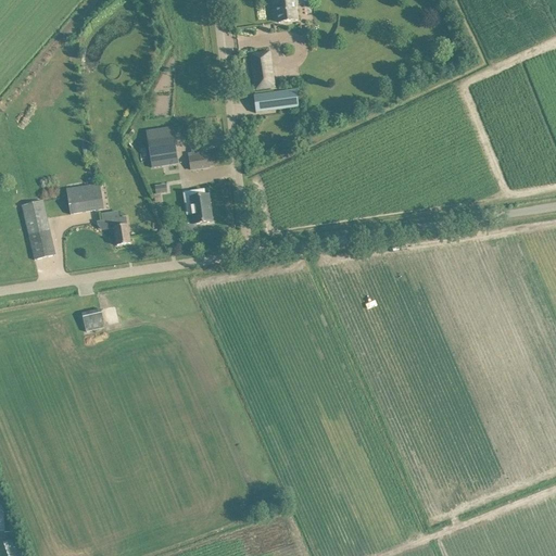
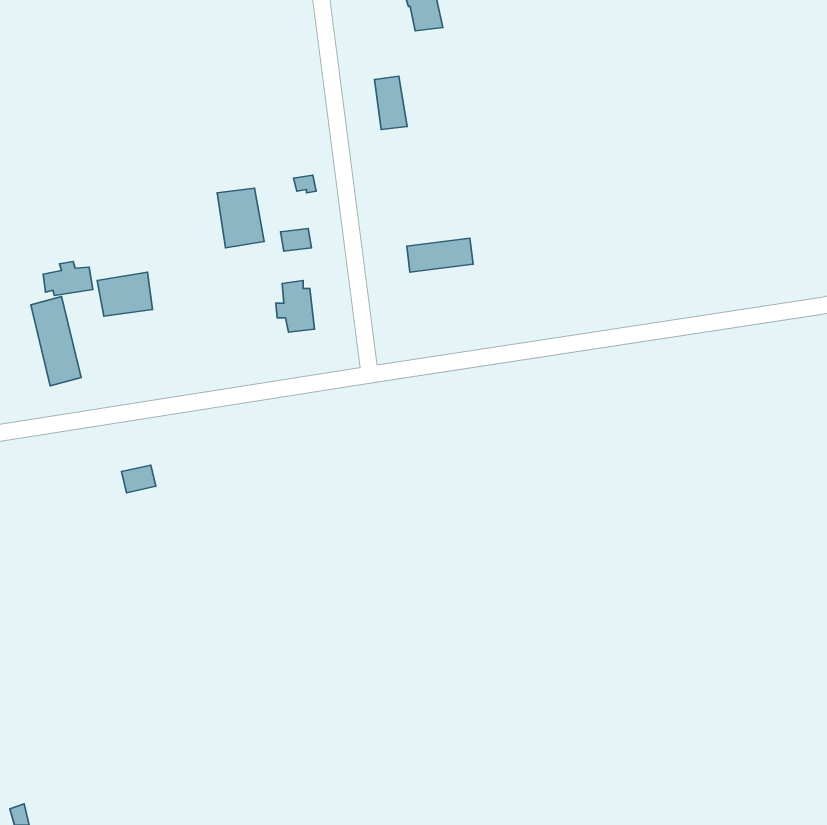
building: [253,88,298,111] -> [407,238,473,272]
building: none -> [43,262,93,296]
building: [98,215,129,244] -> none

